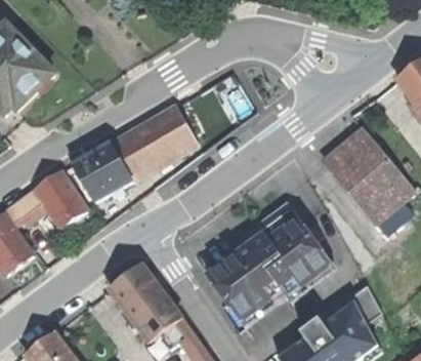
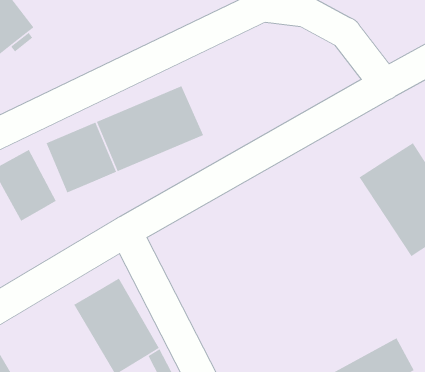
building: [208,205,332,320] -> none

